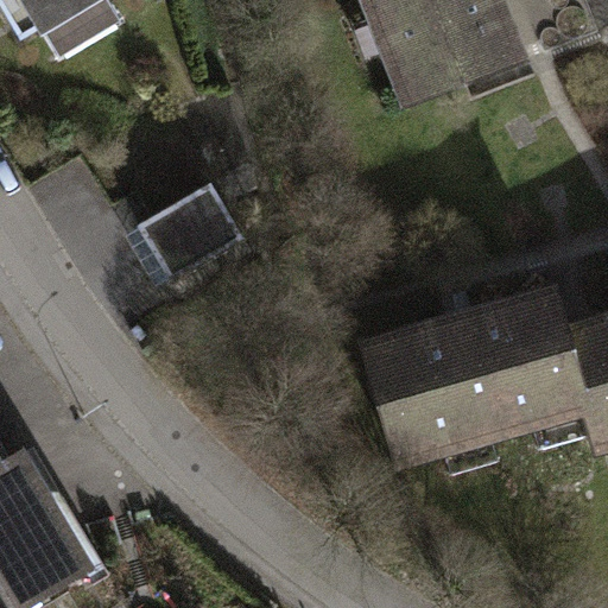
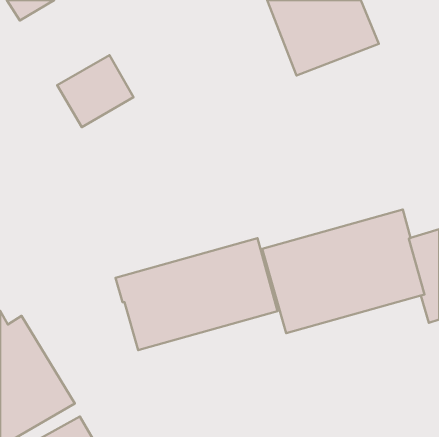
building: [139,194,245,293] -> [57,55,134,127]
building: none -> [115,238,277,350]

